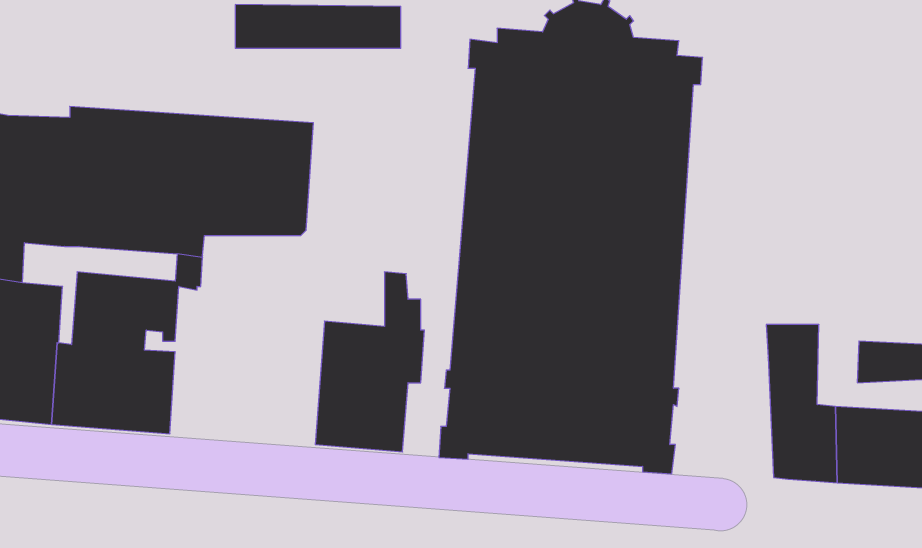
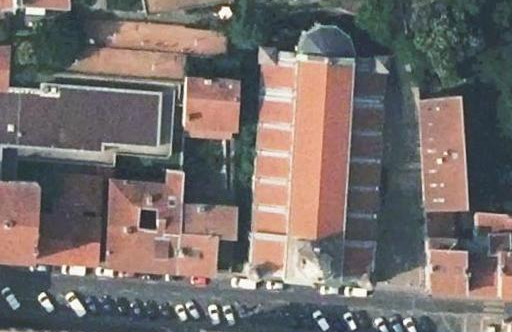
building: none -> [186,76,239,128]
building: none -> [421,95,465,204]
building: none -> [108,171,184,270]

